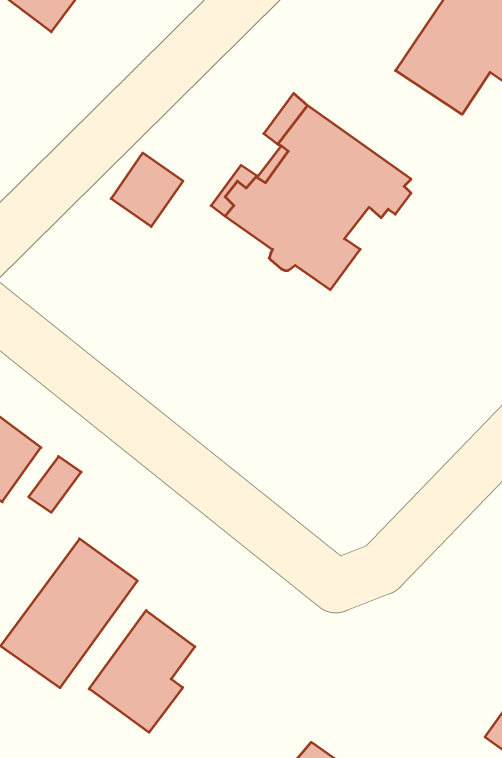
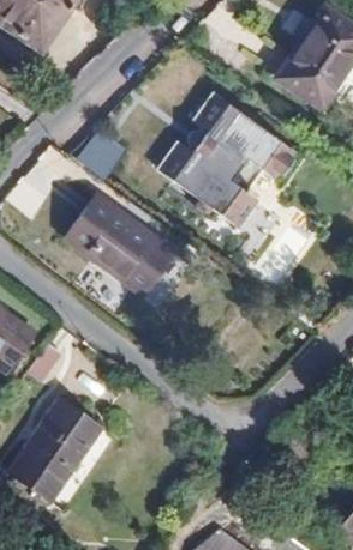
building: none -> [62,195,173,296]
building: [89,610,195,732] -> none

